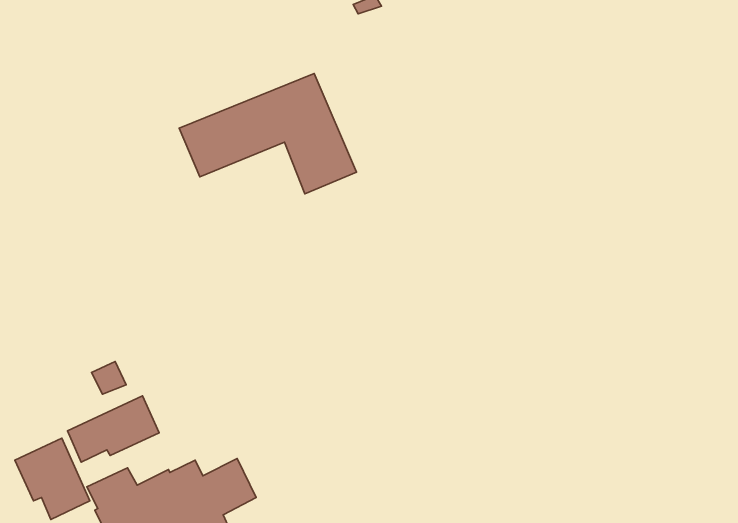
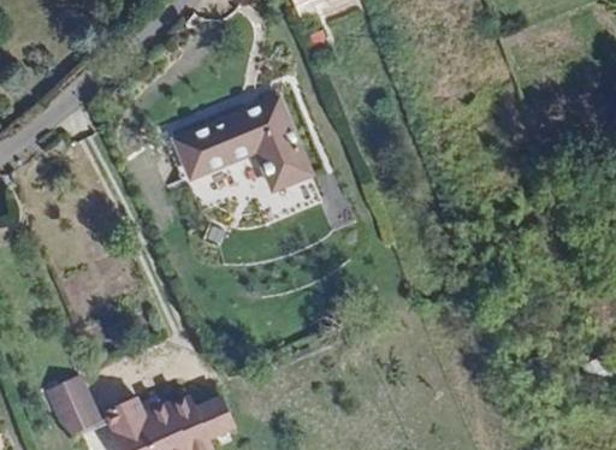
building: [67,396,159,462] -> none

